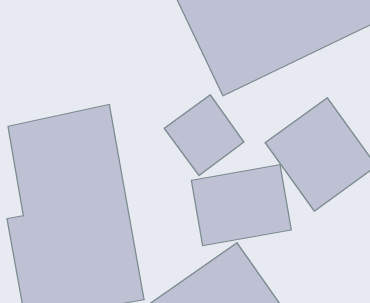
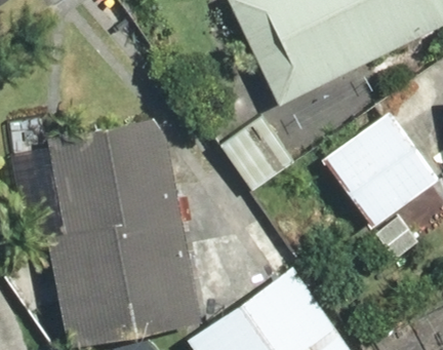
building: [191,165,291,246] -> none

